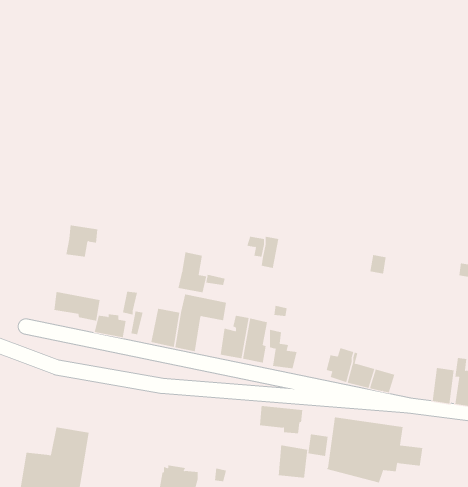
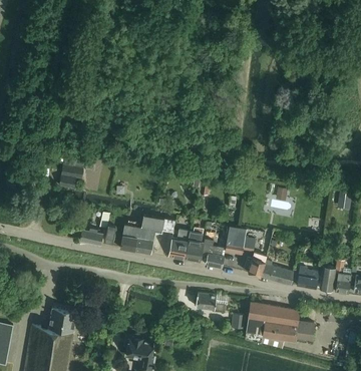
building: [178,252,207,293] -> none
building: [54,291,100,321] -> none
building: none -> [225,226,255,255]
building: none -> [294,266,320,289]
building: [278,444,308,478] -> none

